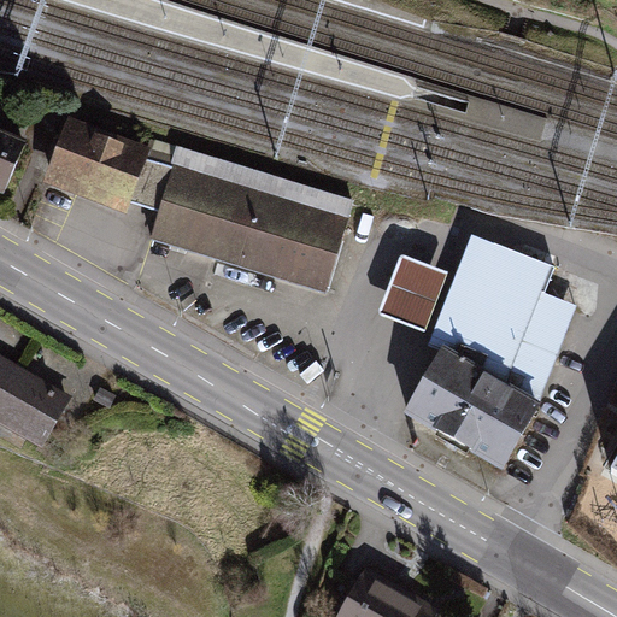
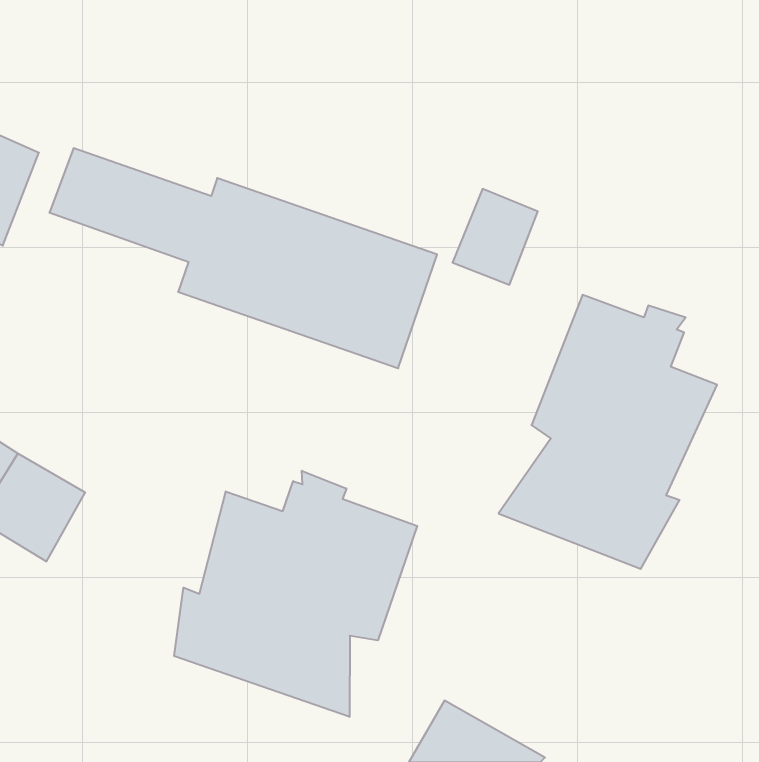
building: [374,258,442,335] -> [452,189,538,285]
building: none -> [174,471,417,717]

